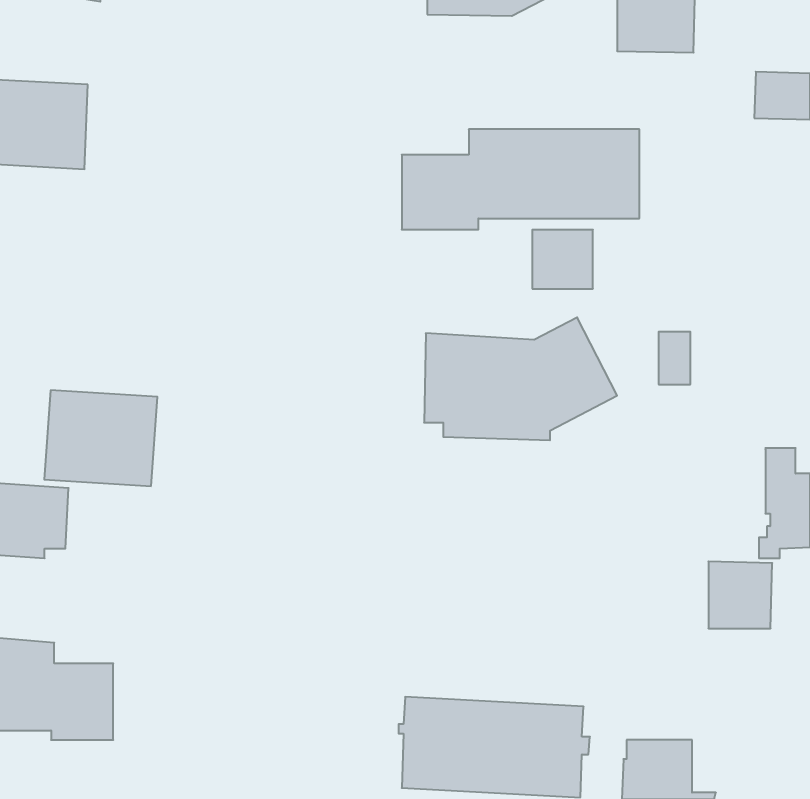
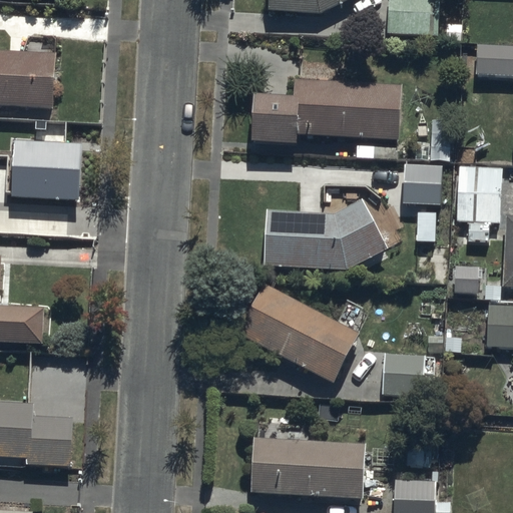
building: [532,230,593,289] -> [404,164,442,201]
building: none -> [456,165,502,239]
building: [44,390,157,486] -> [8,129,79,189]
building: none -> [239,285,360,381]
building: [708,561,772,628] -> [383,351,423,393]

